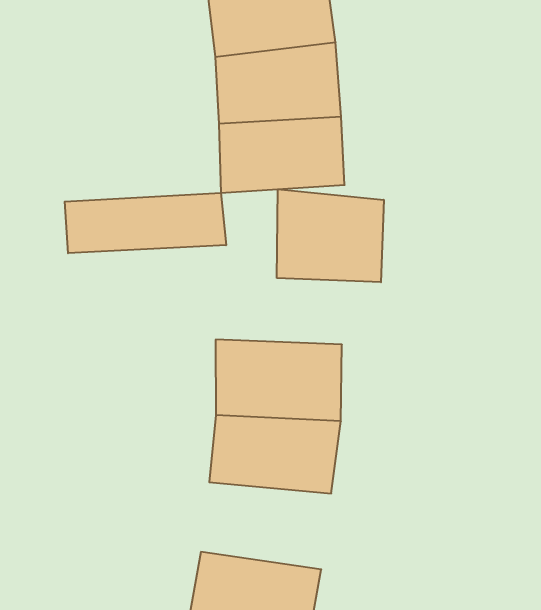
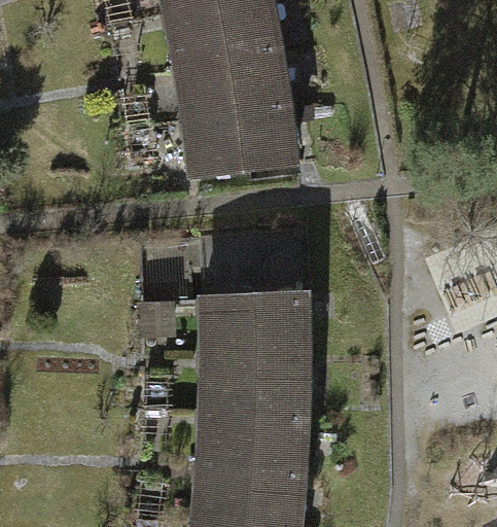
building: [277,189,384,282] -> none
building: [65,193,226,253] -> none
building: none -> [201,410,301,472]

